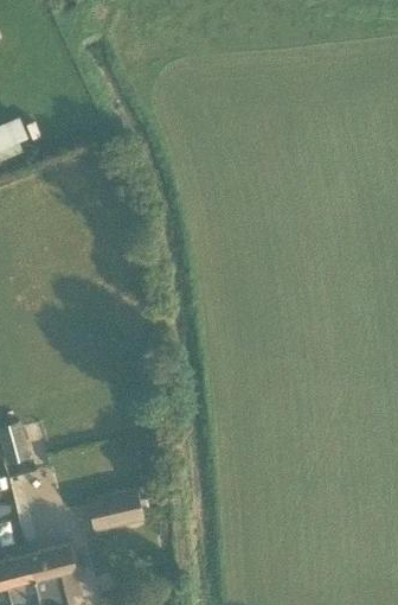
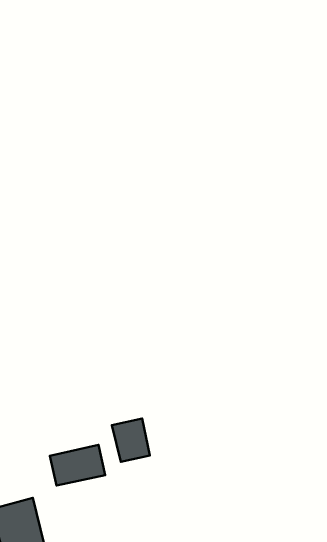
building: none -> [112,419,150,462]

